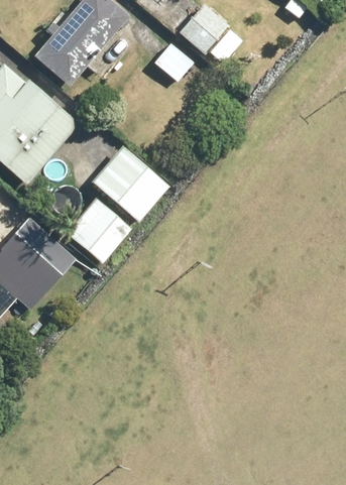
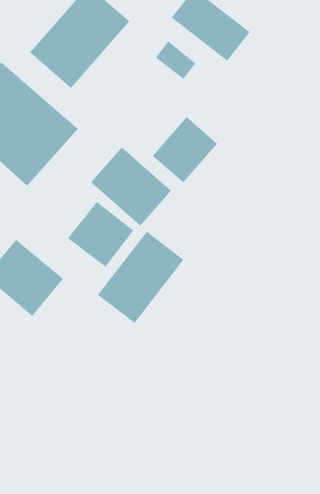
building: none -> [152,116,218,183]
building: none -> [97,231,184,324]

